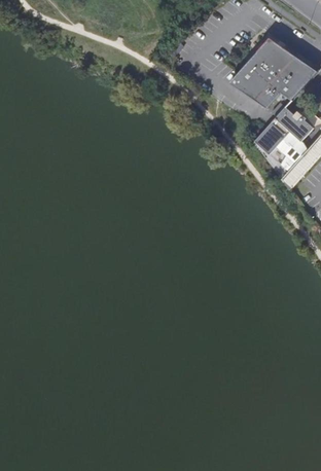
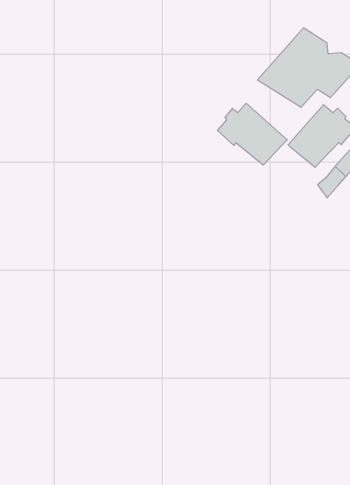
building: none -> [217,103,287,165]

